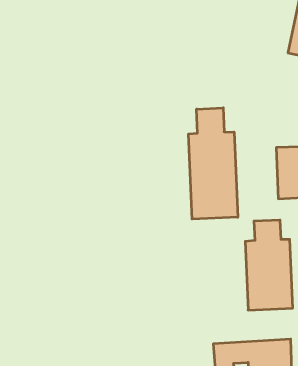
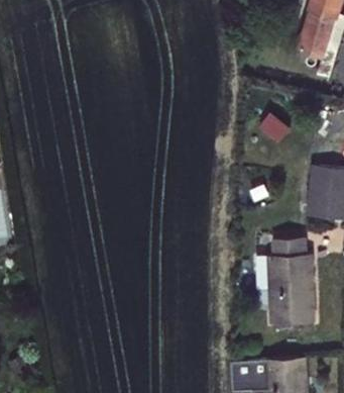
building: [189,108,238,219] -> none

